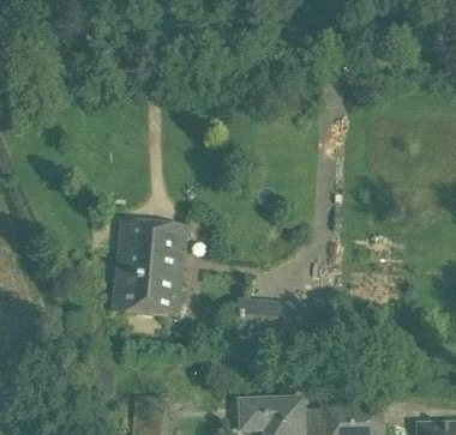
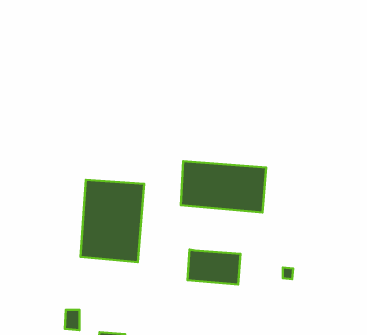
building: none -> [181,161,266,212]

